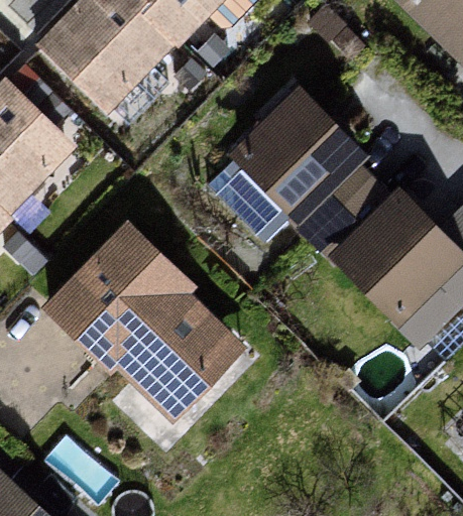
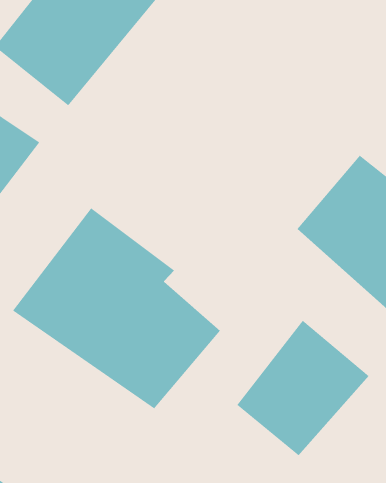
building: [225,93,388,253] -> none
building: none -> [237,320,370,456]

